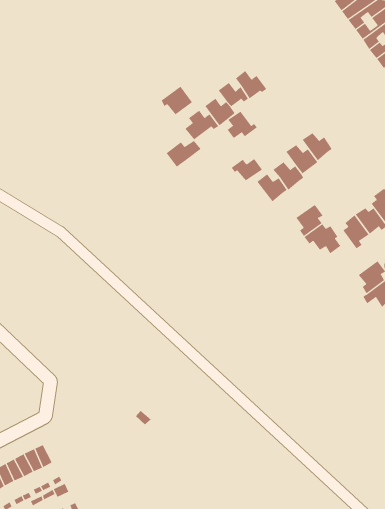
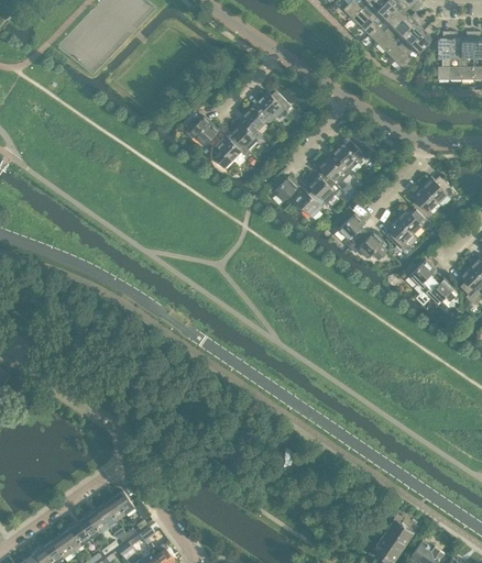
building: [227,111,258,139] -> none
building: [166,140,202,168] -> none

